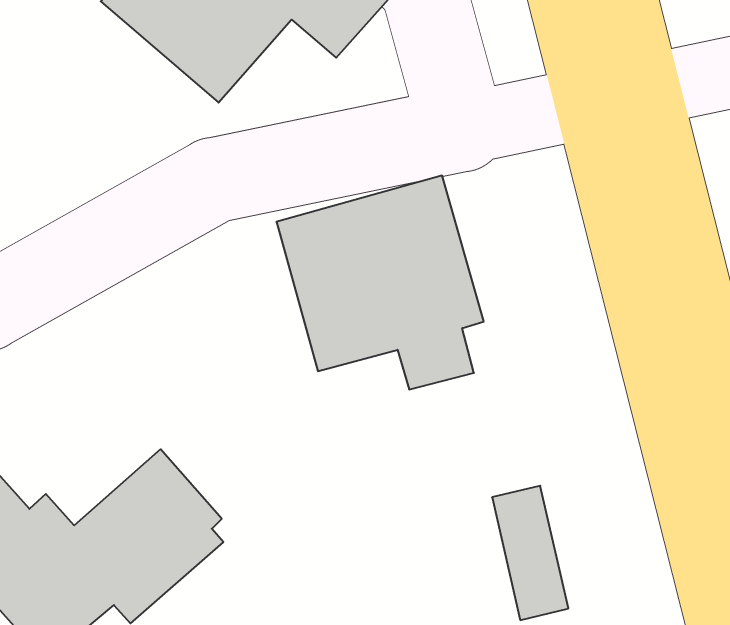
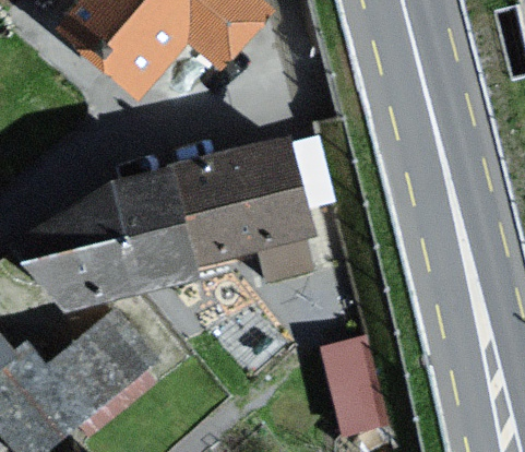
building: none -> [22,168,210,304]

